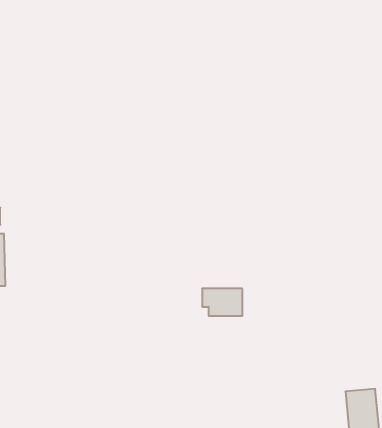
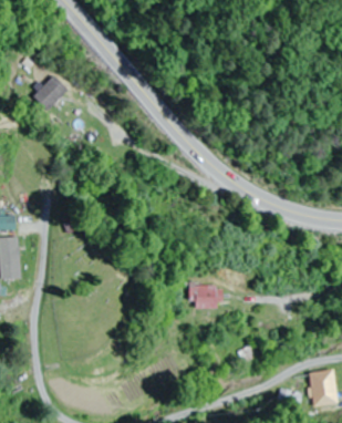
building: none -> [32,75,69,111]

